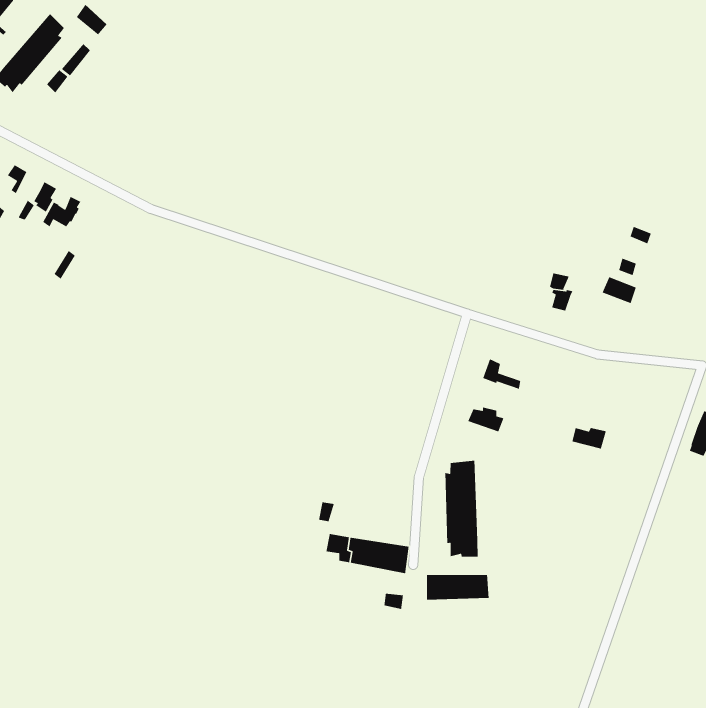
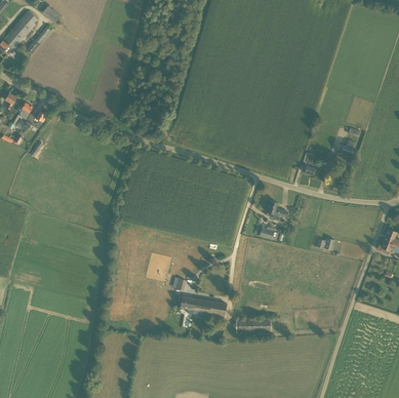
building: [444,460,479,557] -> none

